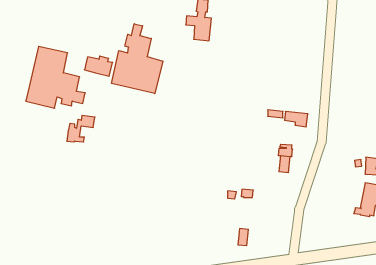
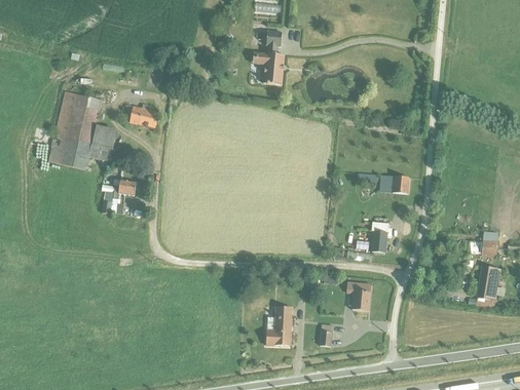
building: [112,24,163,94] -> none
building: none -> [345,281,370,310]
building: none -> [265,306,290,345]

